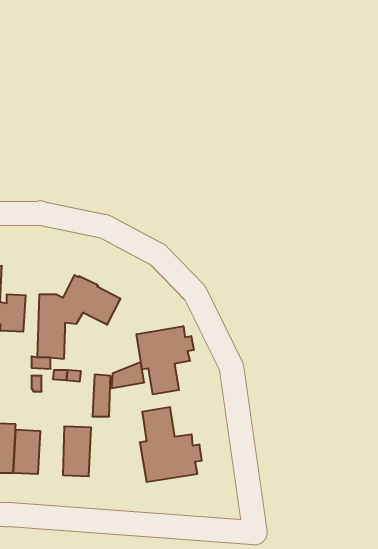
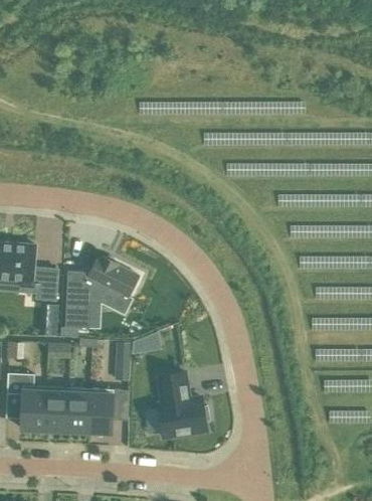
building: [137,326,194,394] -> none
building: none -> [66,388,89,433]

